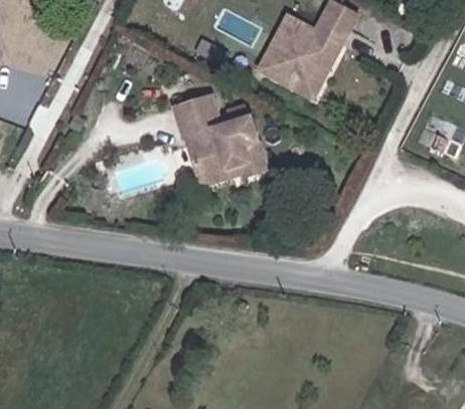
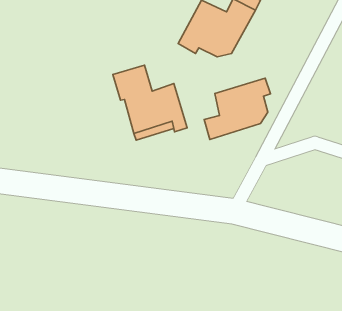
building: none -> [204,78,270,139]

